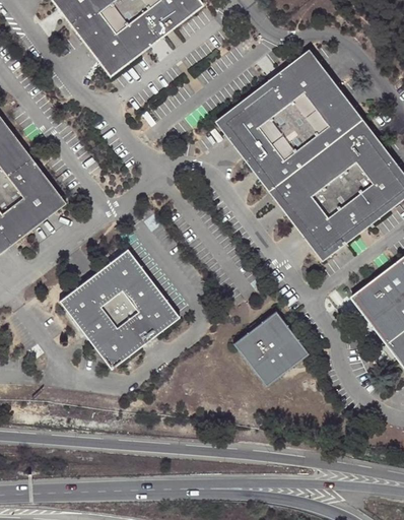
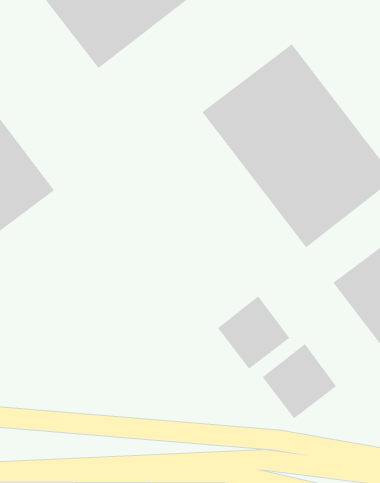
building: [60,249,180,369] -> none
building: none -> [262,343,337,419]

